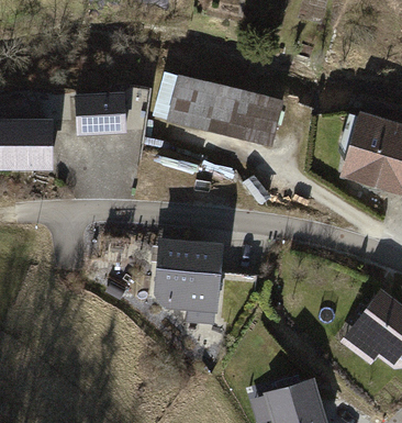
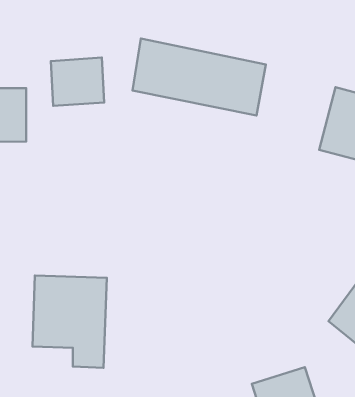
building: [152,240,221,325] -> [32,276,107,368]

